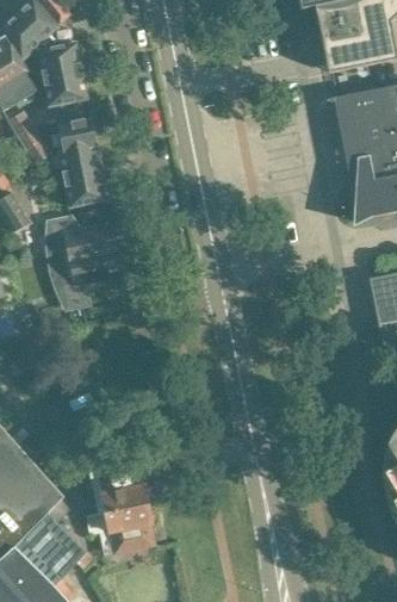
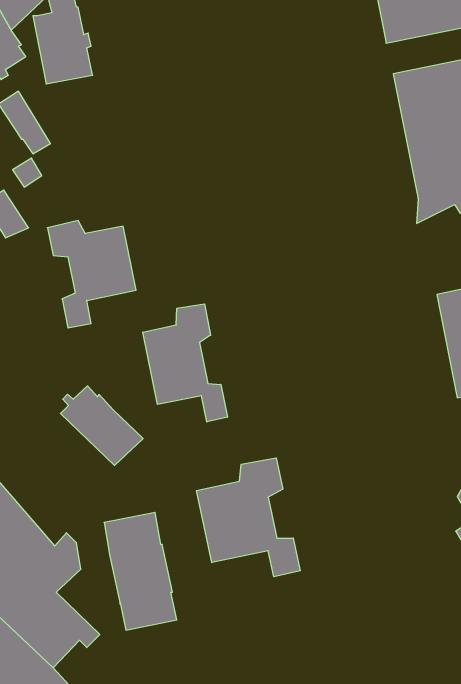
building: [58,118,107,206] -> none
building: none -> [143,304,227,422]
building: none -> [60,386,143,465]
building: none -> [197,458,300,577]

